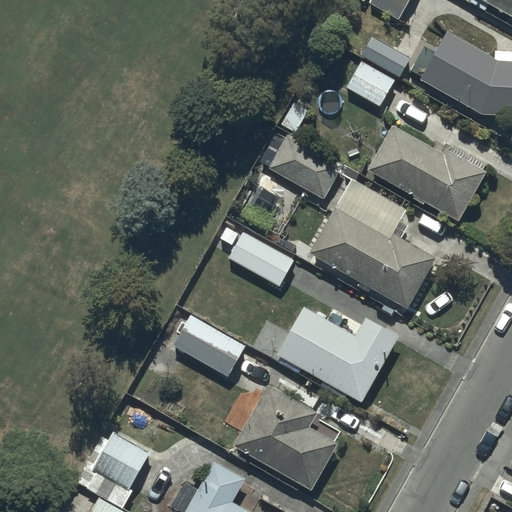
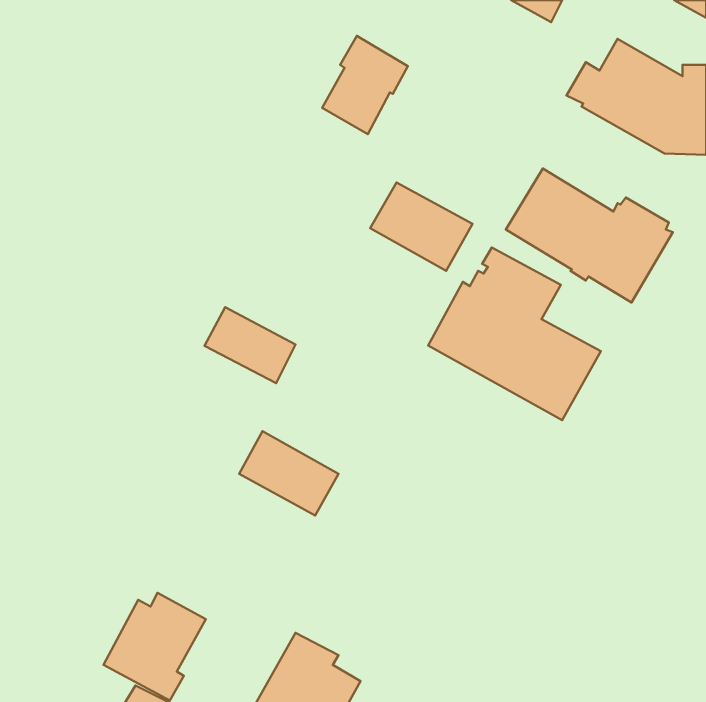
building: [347,36,409,107] -> [322,36,408,134]
building: [227,232,293,287] -> [204,307,296,383]
building: [276,306,399,403] -> none
building: [234,385,338,490] -> none

